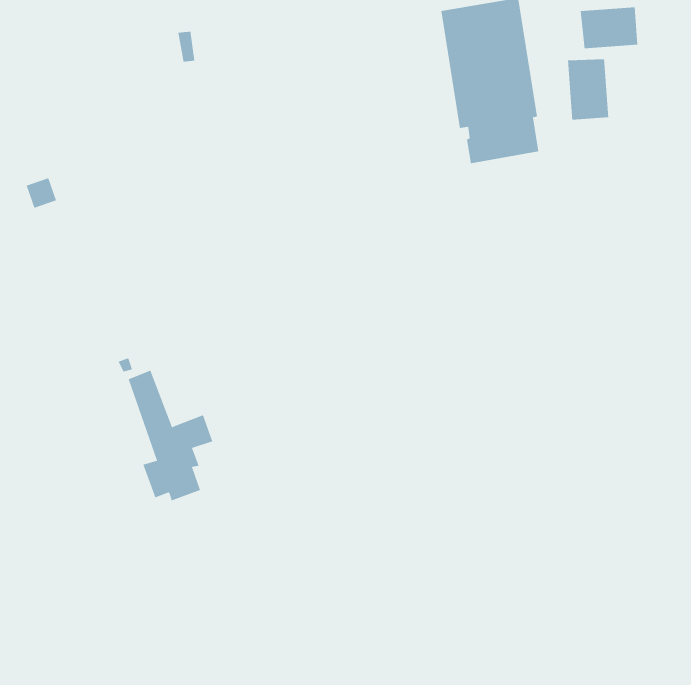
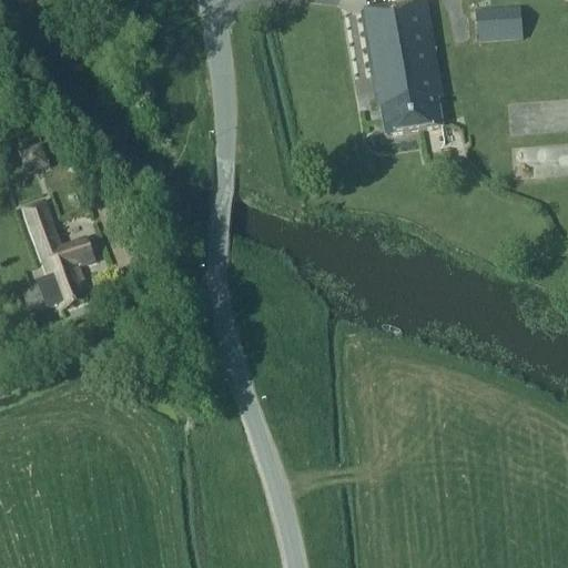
building: [567,58,609,121] -> none
building: [128,370,213,501] -> [26,200,95,307]

